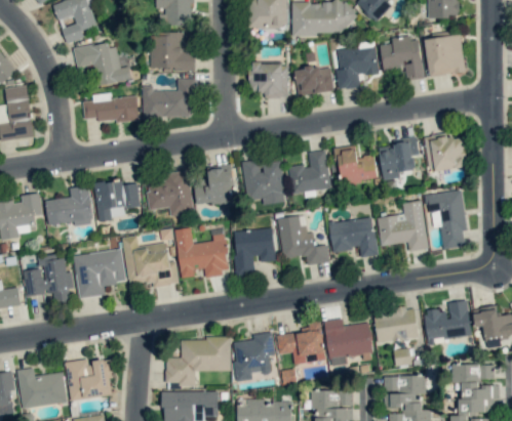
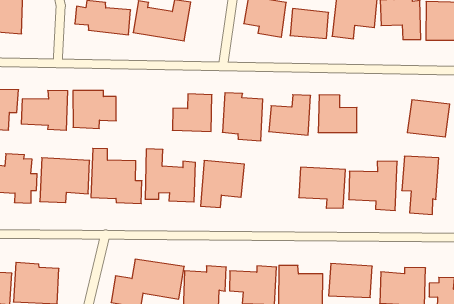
building: [379,136,420,180] -> none
building: [145,173,193,216] -> none
building: [278,215,329,265] -> none

